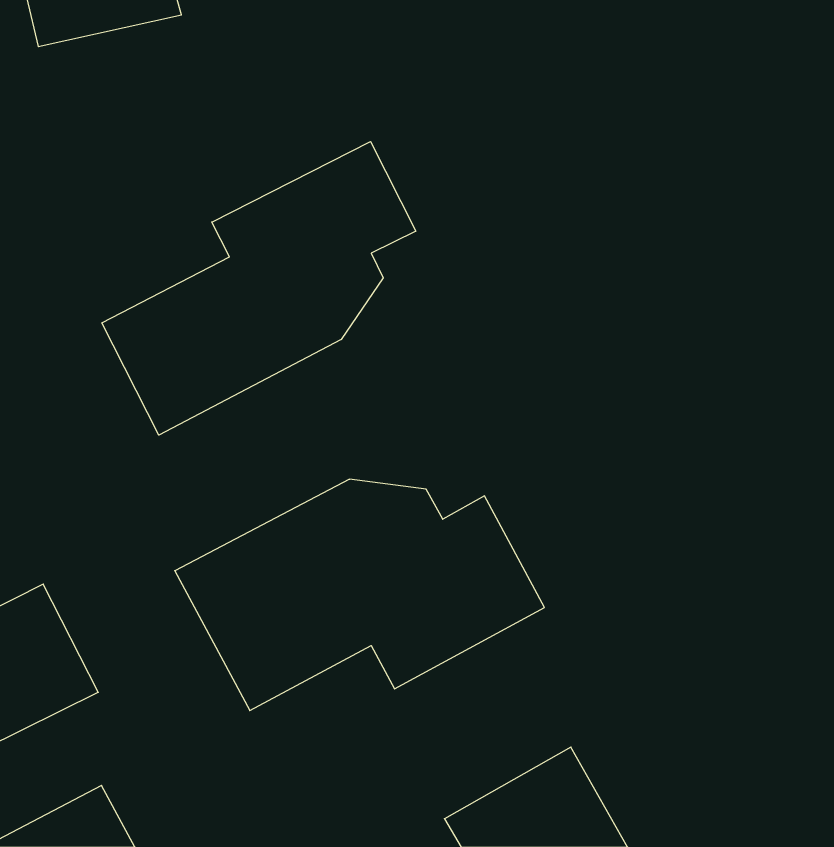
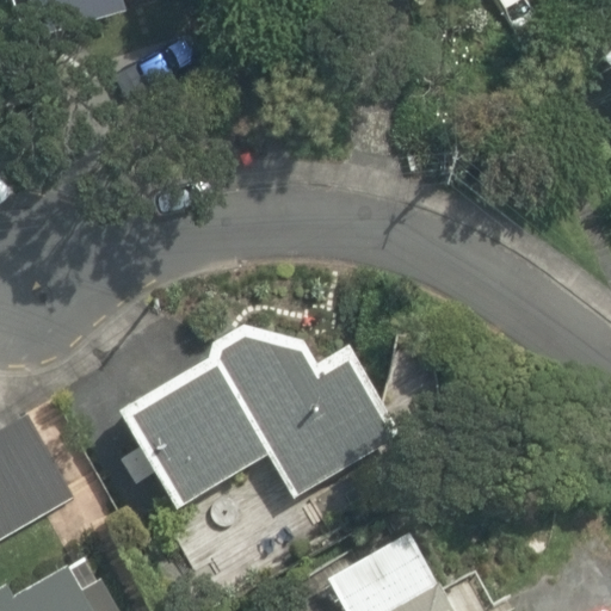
building: [102,142,416,435] -> none

